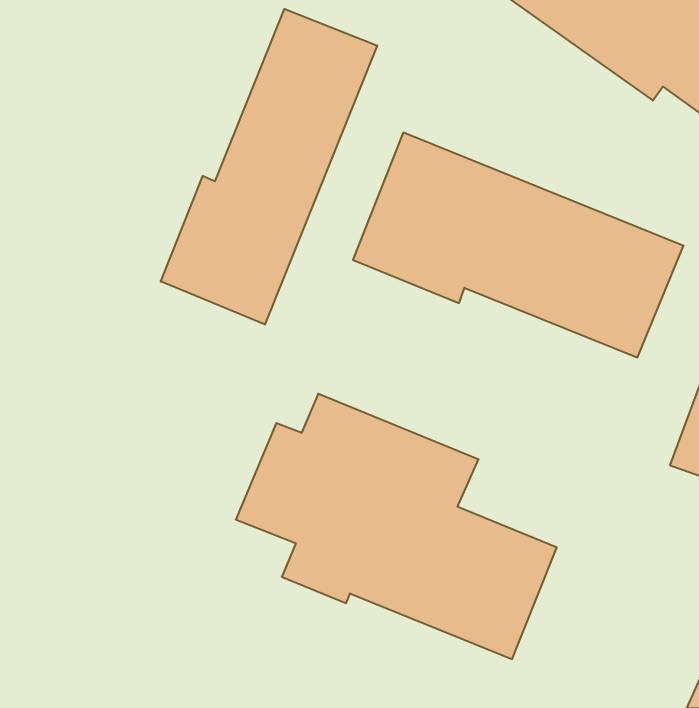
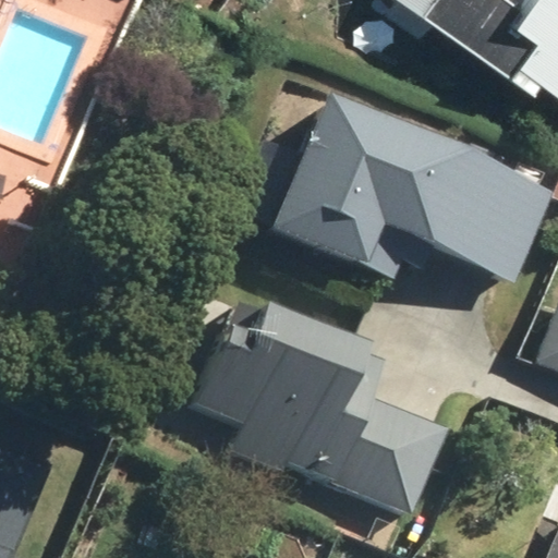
building: [161,9,377,325] -> none

